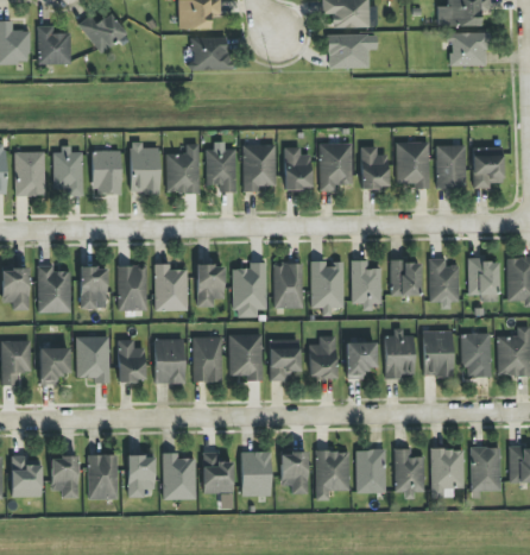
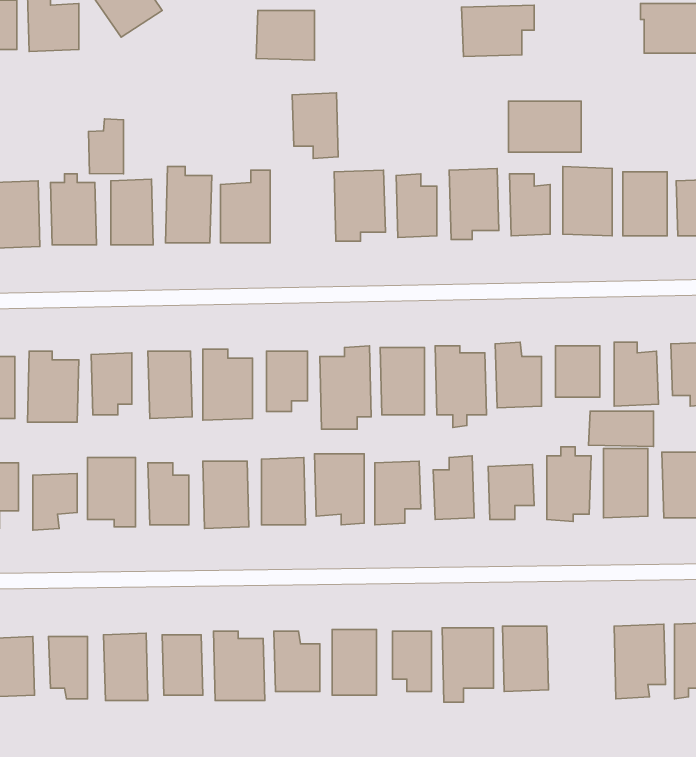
building: none -> [509,101,581,152]
building: none -> [88,119,124,174]
building: [206,149,236,193] -> [292,93,338,159]
building: none -> [588,411,653,447]
building: [395,448,424,499] -> none

